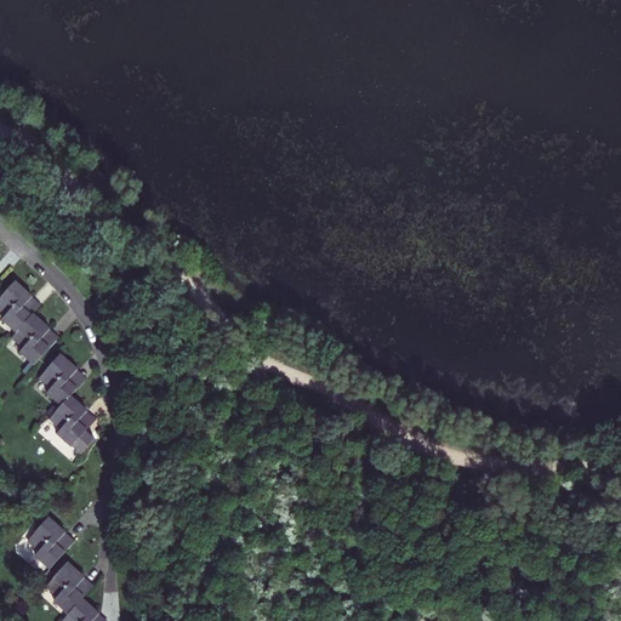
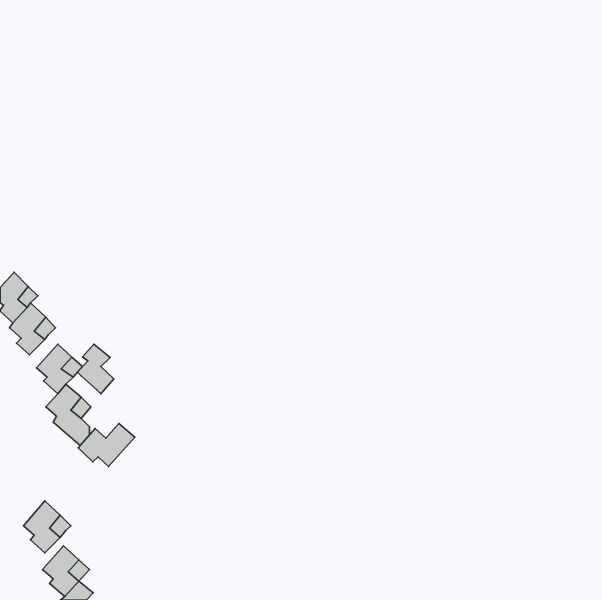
building: none -> [78,344,114,394]
building: none -> [78,423,135,466]

